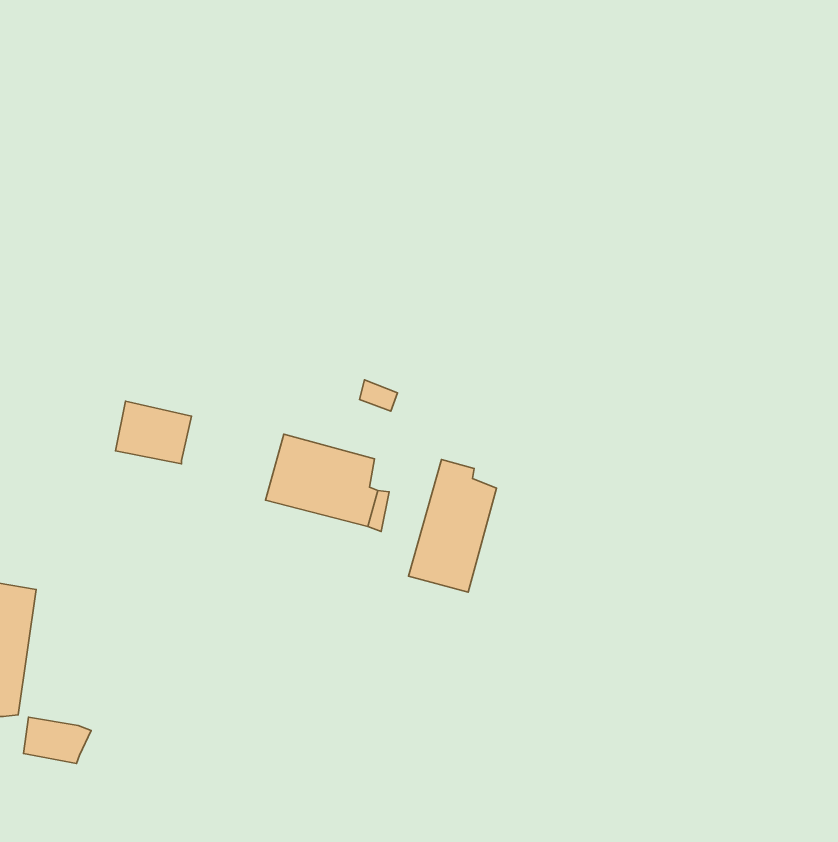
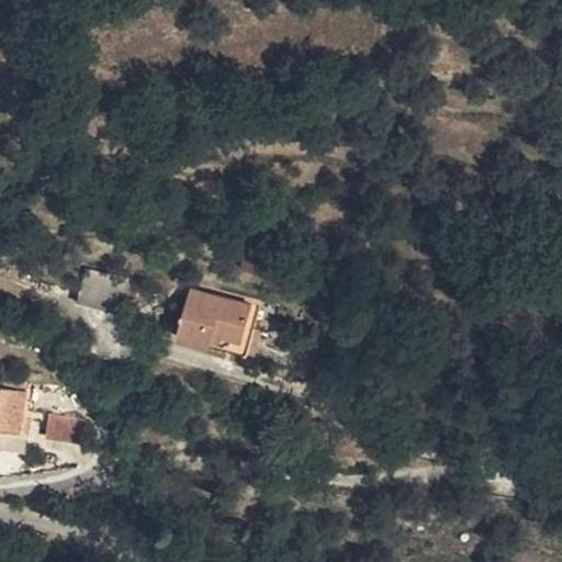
building: [408,459,496,592] -> none
building: [24,717,91,763] -> [43,414,88,445]

